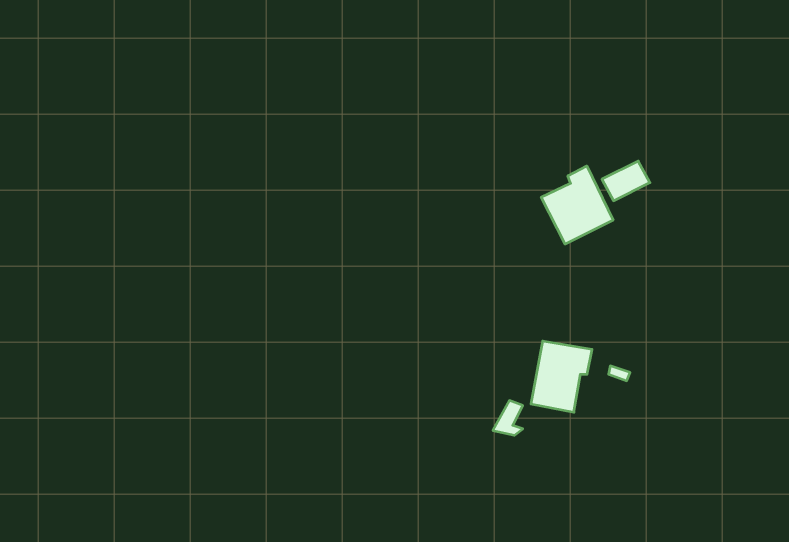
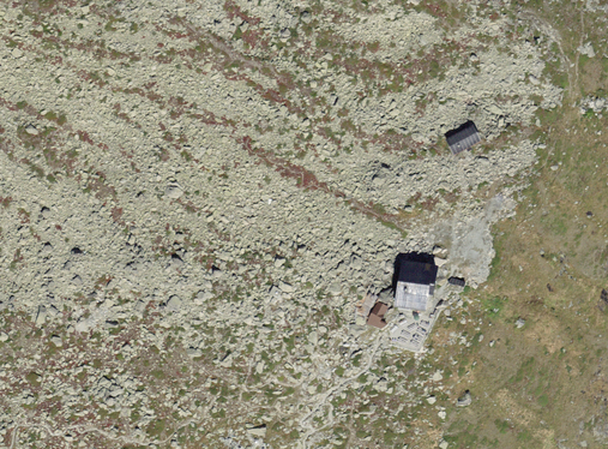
building: [541,166,613,244] -> none

